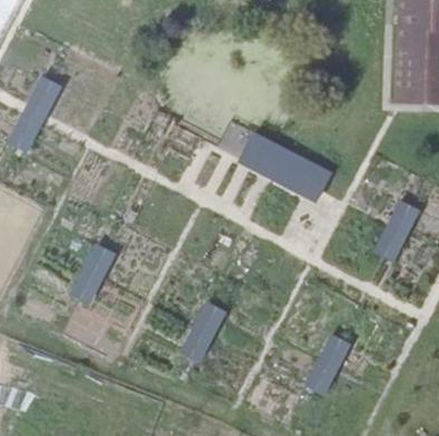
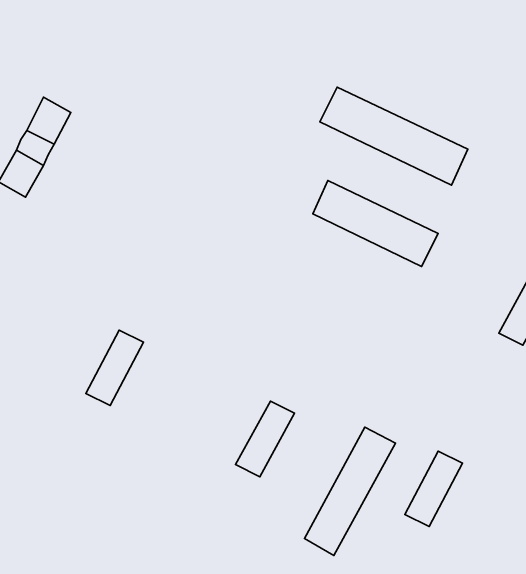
building: none -> [320,87,468,185]
building: none -> [304,427,396,556]

